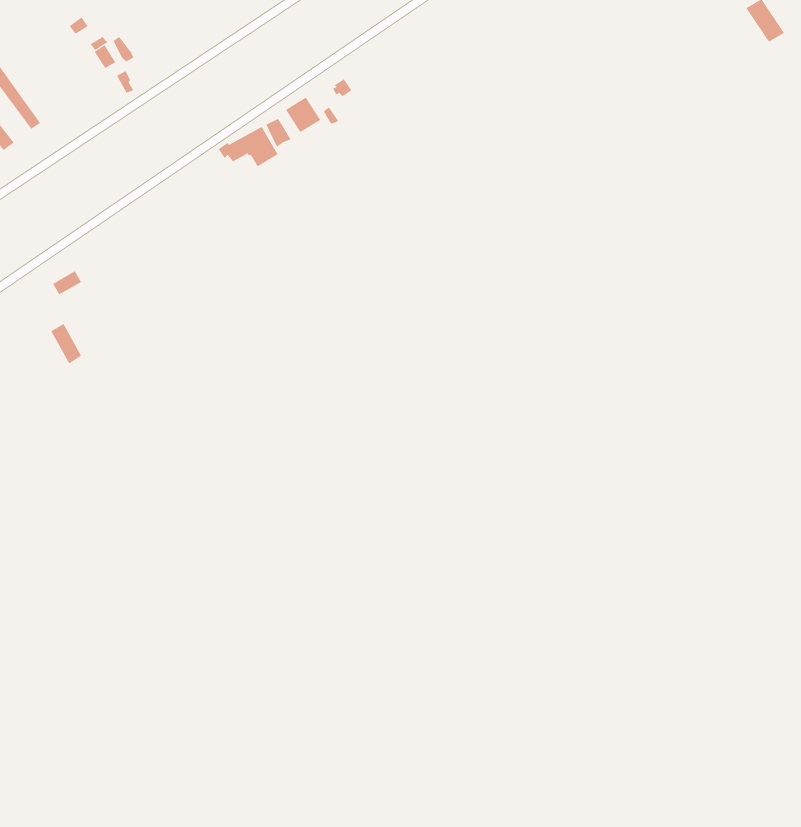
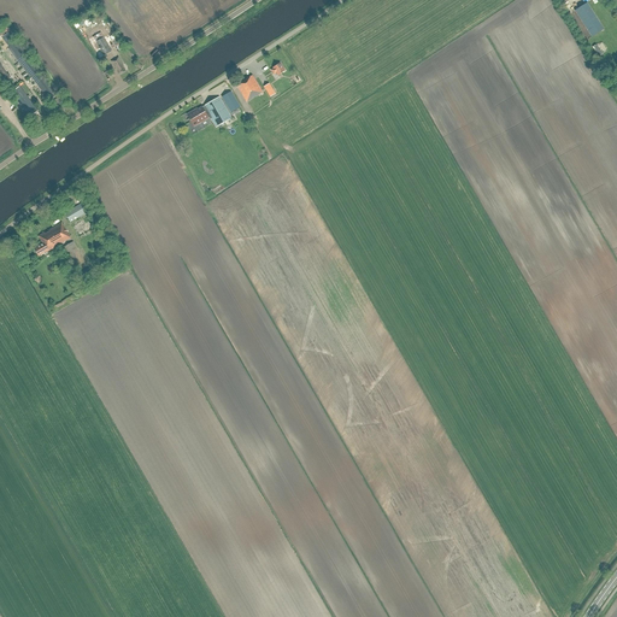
building: none -> [33,223,69,257]

